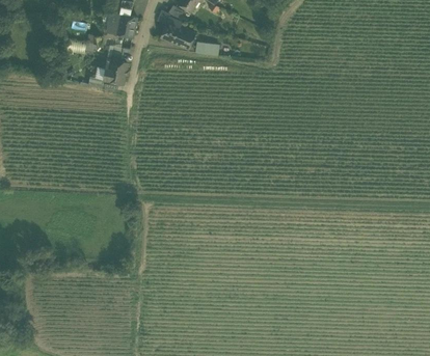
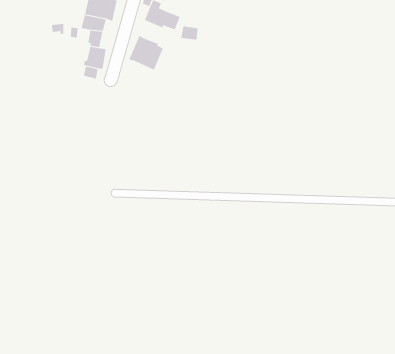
building: none -> [128,35,163,71]

